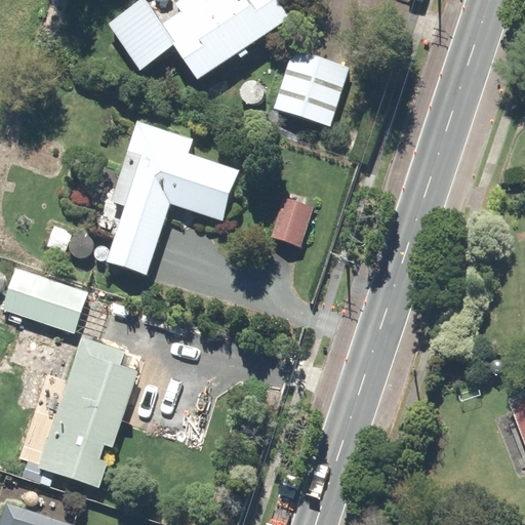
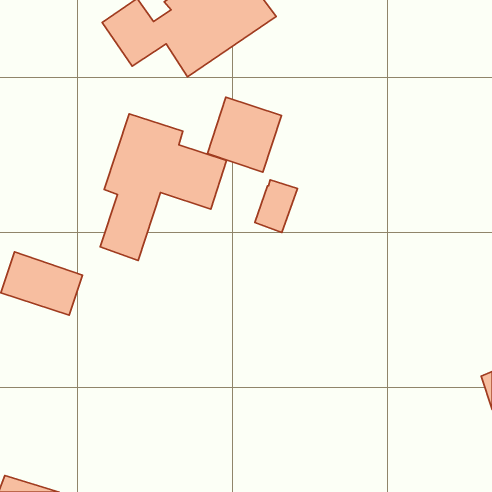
building: [272,47,350,126] -> [207,97,281,172]
building: [33,336,136,487] -> none

